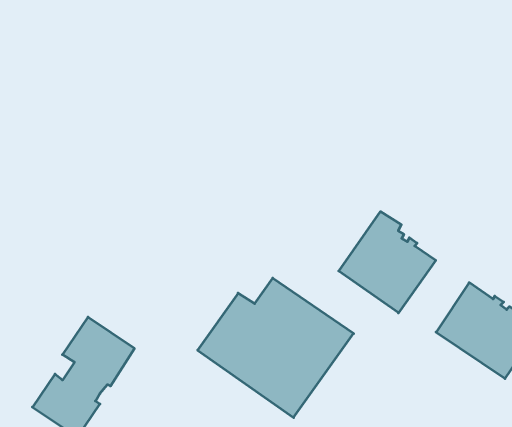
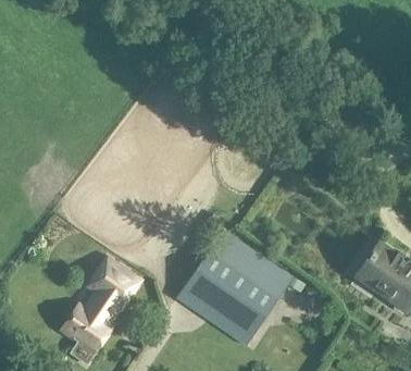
building: [339,212,436,313] -> none

